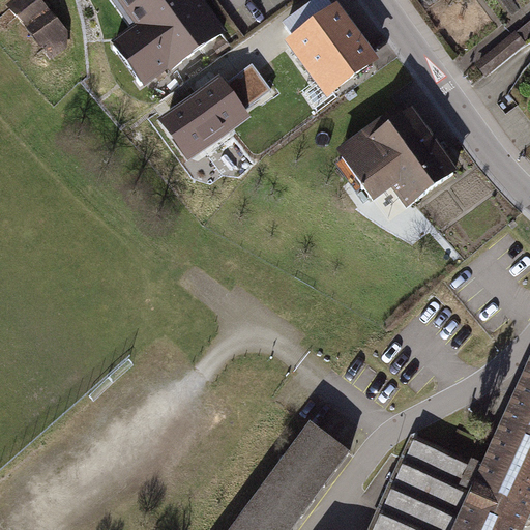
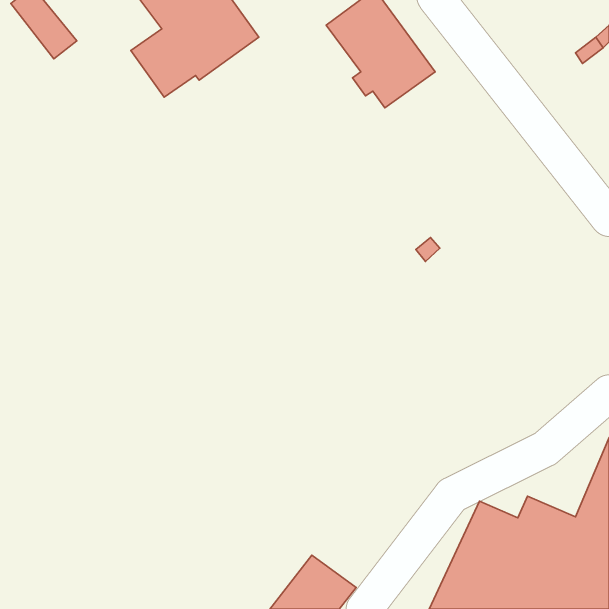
building: [164,70,263,148] -> none
building: [336,106,455,206] -> none
building: [269,425,348,507] -> none

